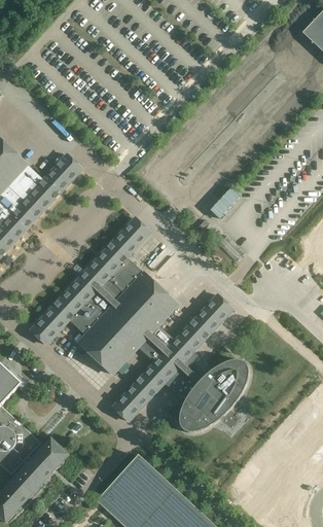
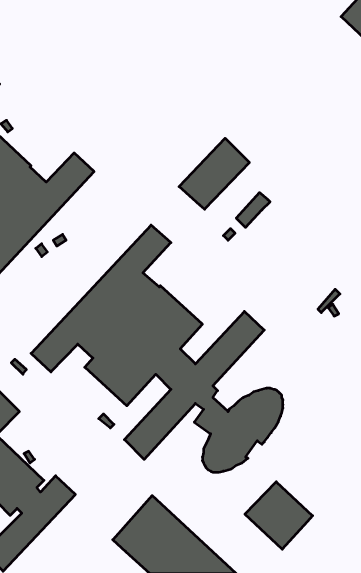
building: none -> [179,138,249,209]
building: none -> [245,482,313,549]

